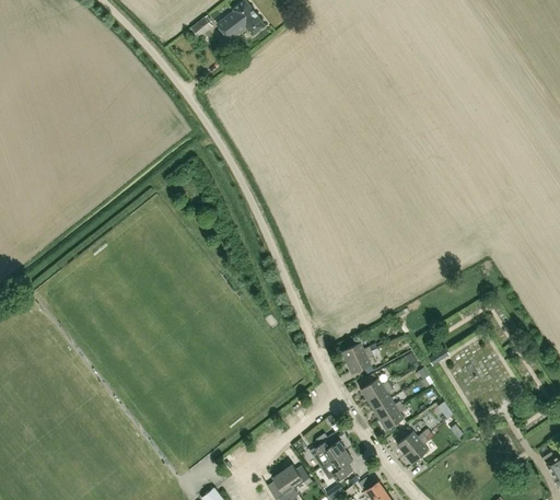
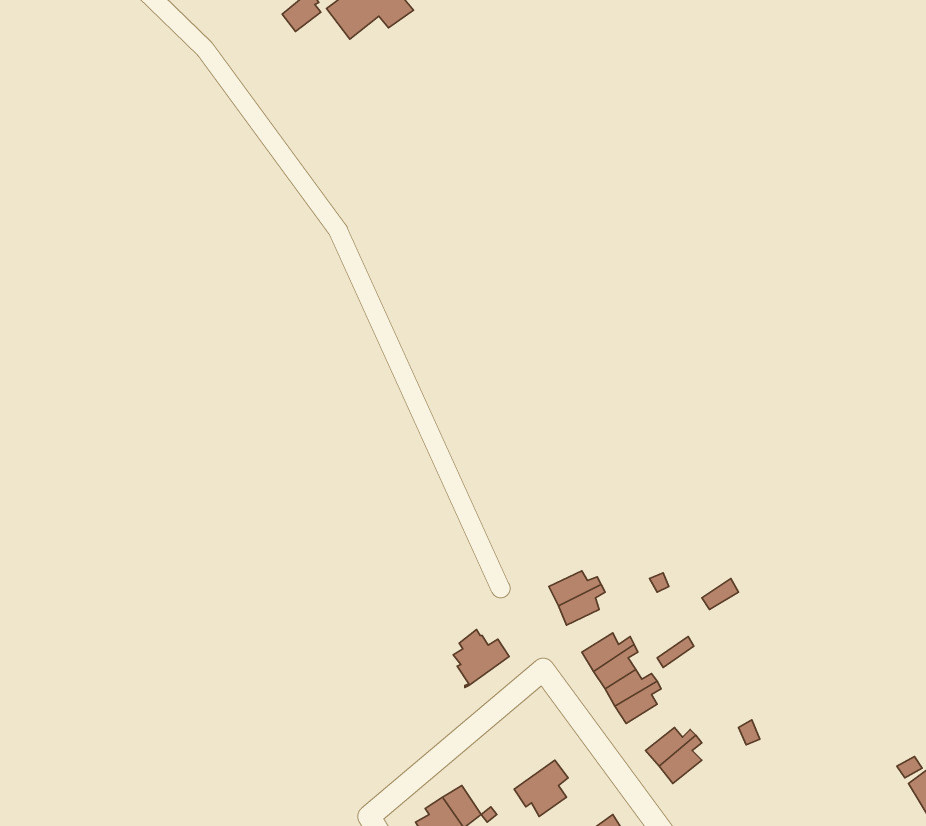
building: [314,435,346,468] -> [453,630,509,688]

